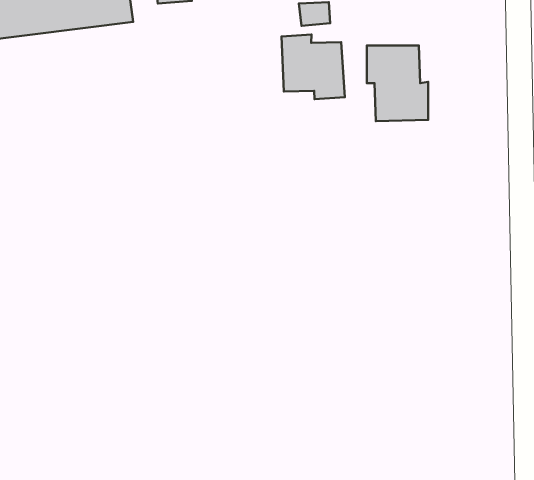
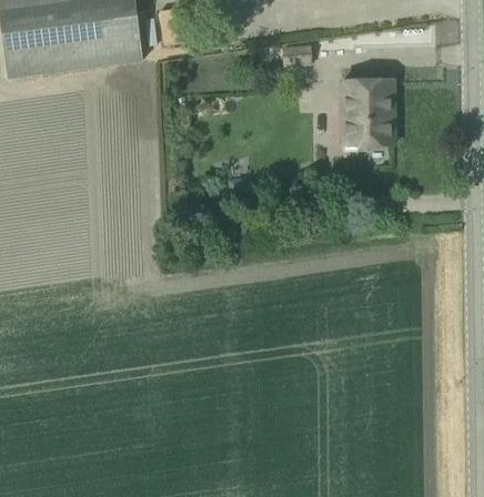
building: [281,35,345,99] -> none

